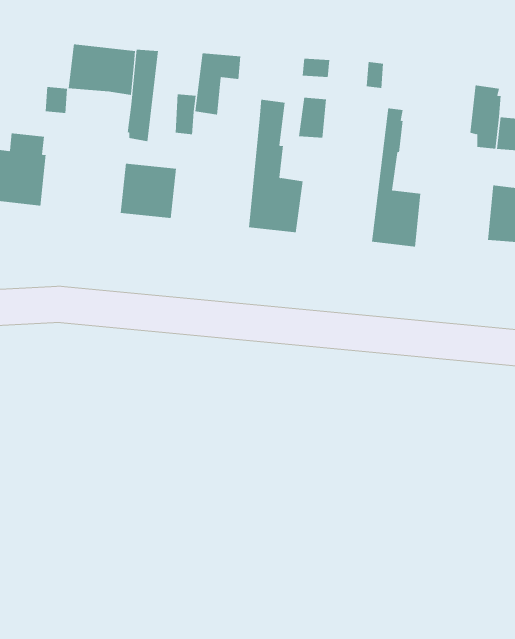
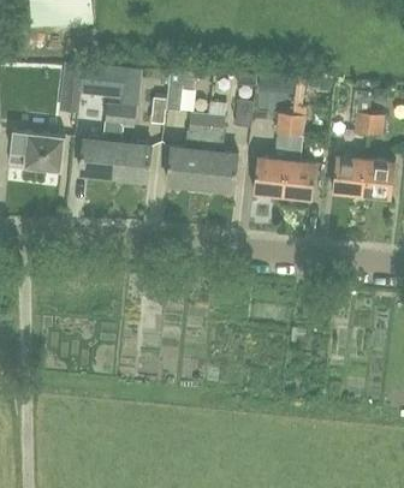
building: none -> [254,95,295,197]
building: none -> [79,103,121,178]
building: none -> [166,112,208,188]
building: none -> [333,156,366,196]

